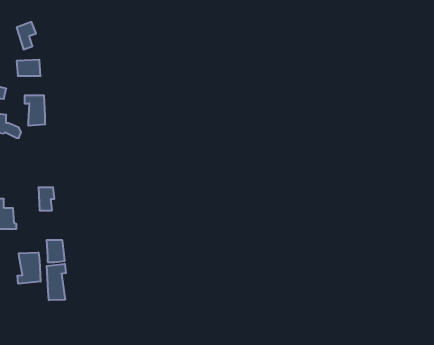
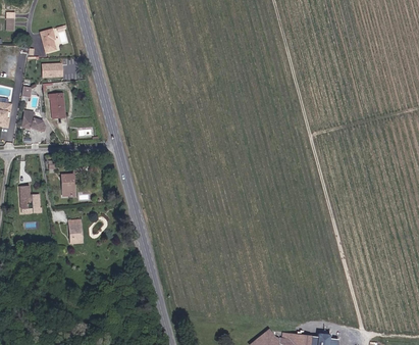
building: [17,252,41,284] -> none
building: [47,264,66,300] -> none

